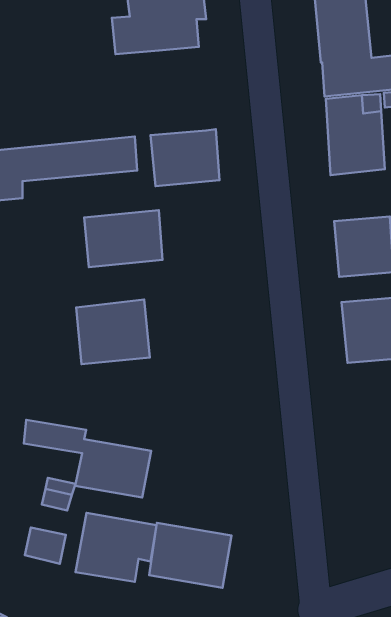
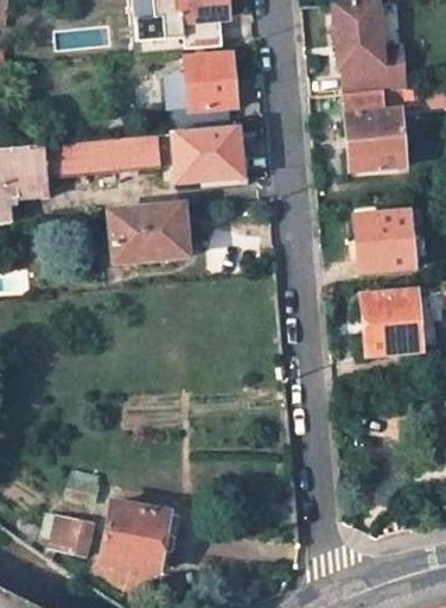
building: none -> [165,55,236,133]
building: [76,299,150,364] -> none
building: [24,420,151,497] -> none
building: [149,523,231,588] -> none

